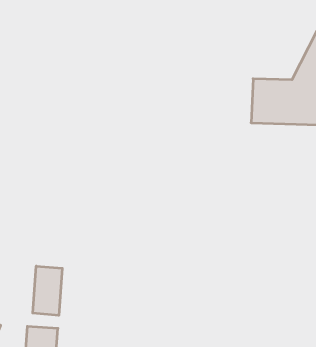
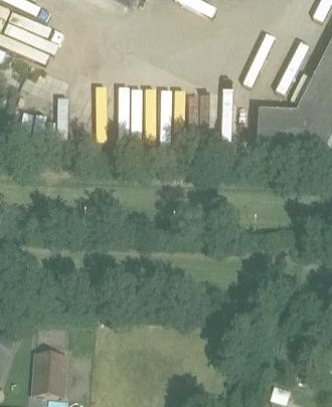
building: [33,266,62,315] -> none

